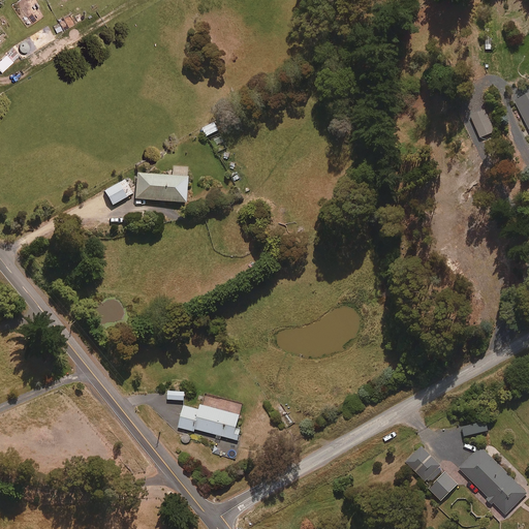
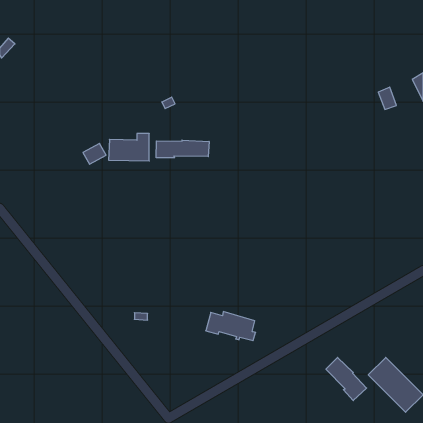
building: none -> [156,140,209,158]
building: [178,404,240,440] -> [206,312,256,341]

